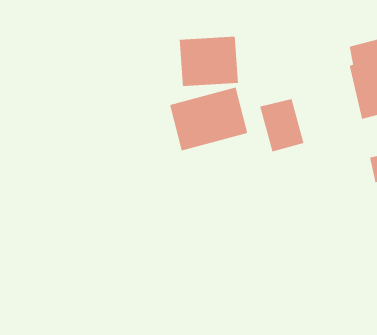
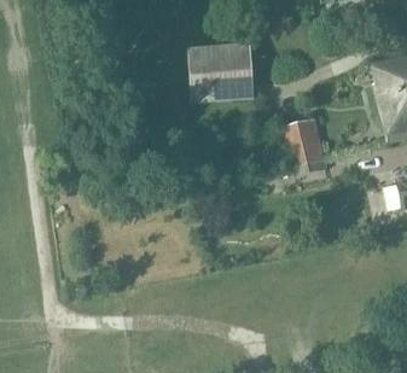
building: [169,87,248,152] -> none

